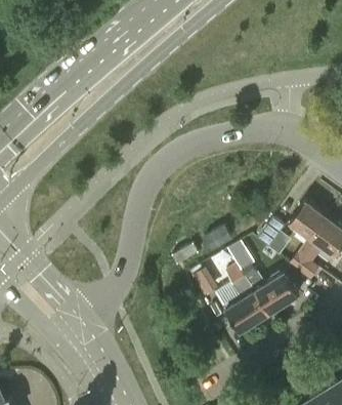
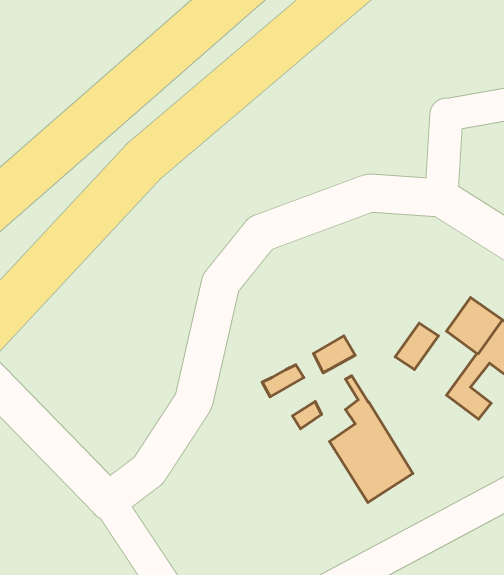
building: [240,264,299,316] -> none

